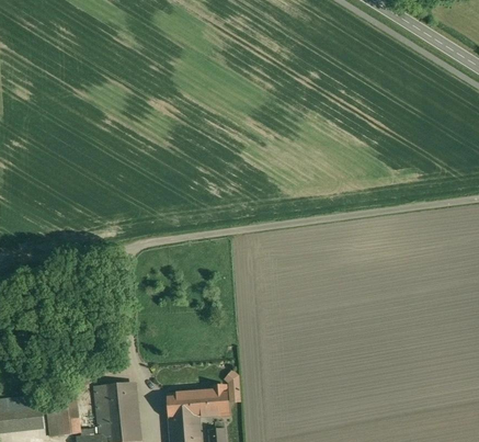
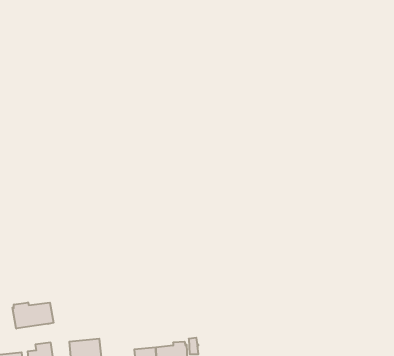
building: none -> [12,302,54,329]

